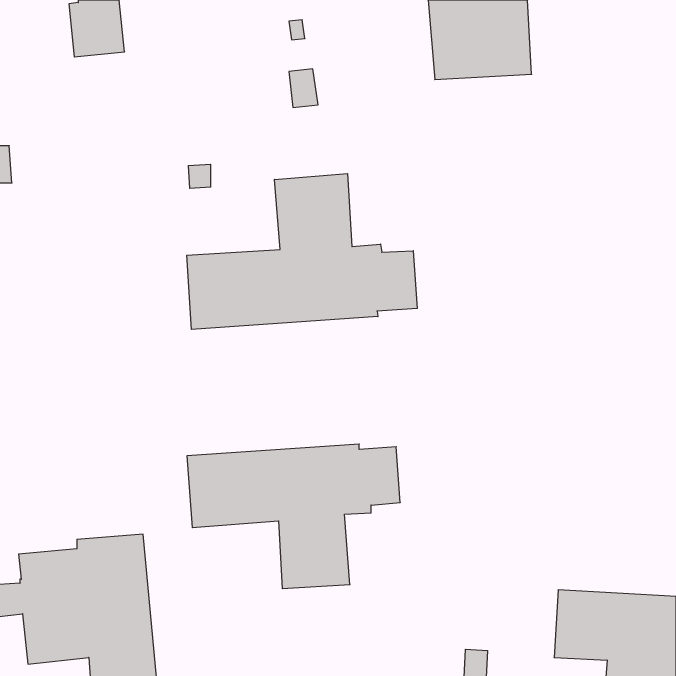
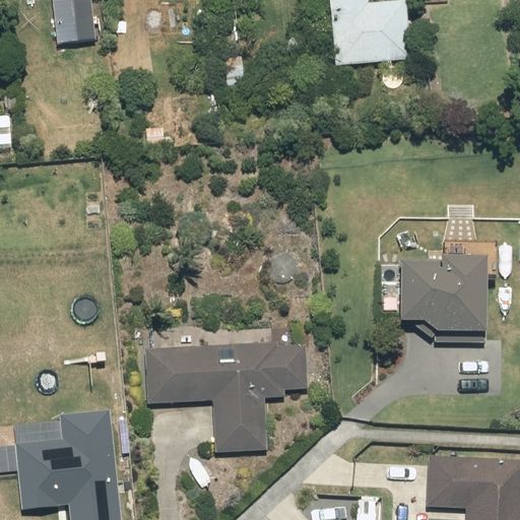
building: [187,174,417,329] -> none
building: none -> [403,255,480,332]

